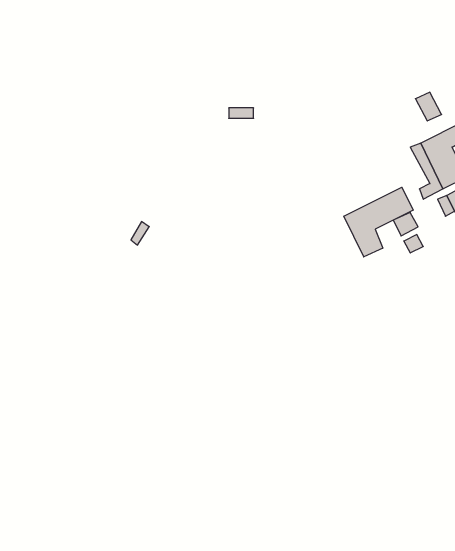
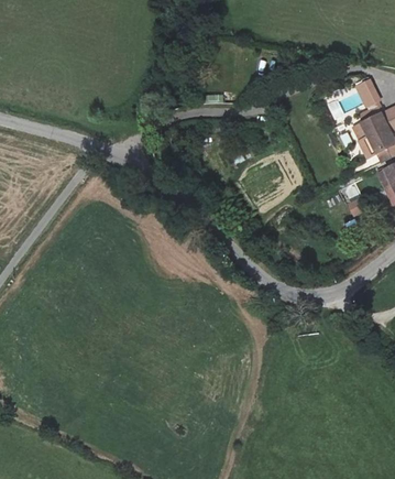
building: [344,187,413,257] -> none

